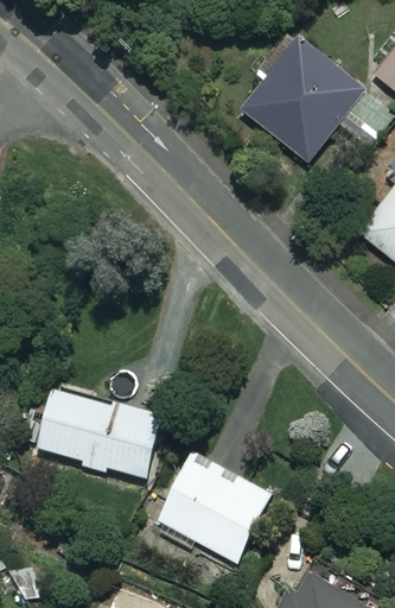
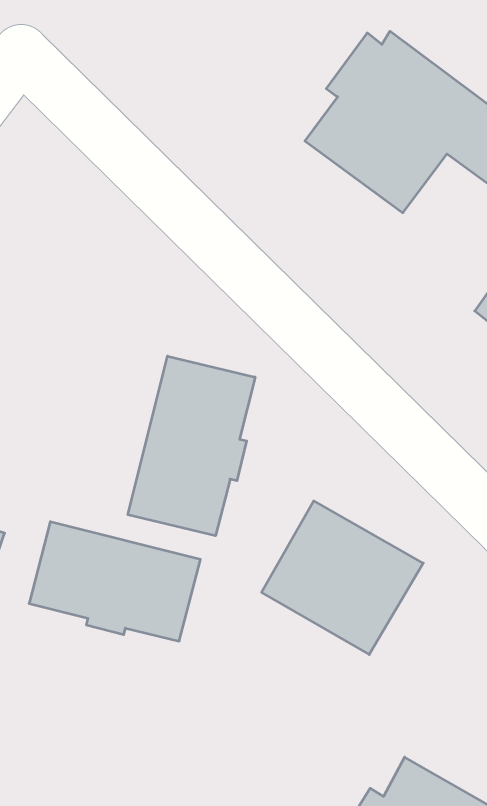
building: none -> [128,356,255,536]
building: [155,452,273,564] -> [262,501,423,655]

